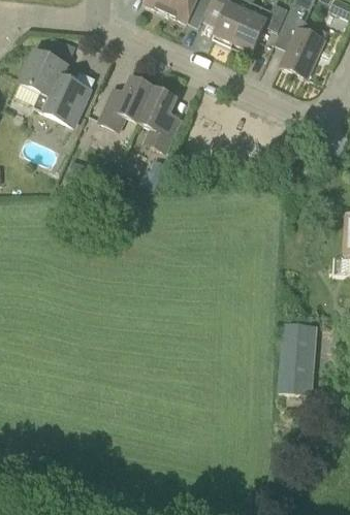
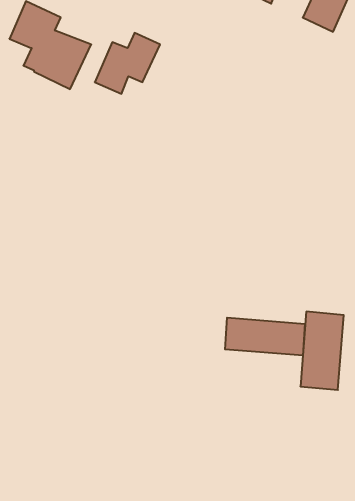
building: [138,89,182,153] -> none
building: none -> [225,318,305,356]

